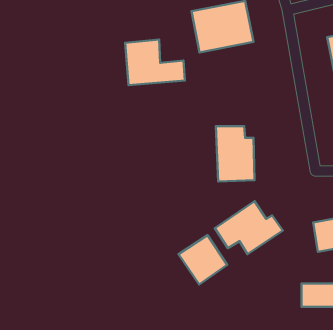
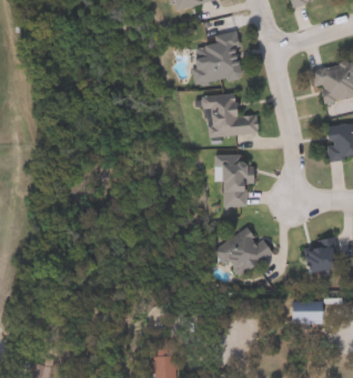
building: [125,39,185,85] -> [198,92,254,135]
building: [179,235,227,285] -> none

